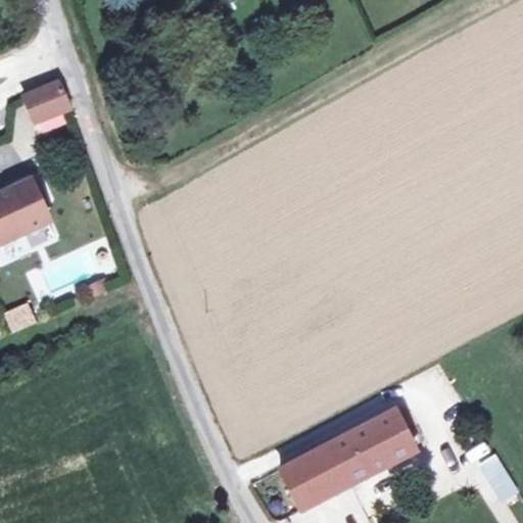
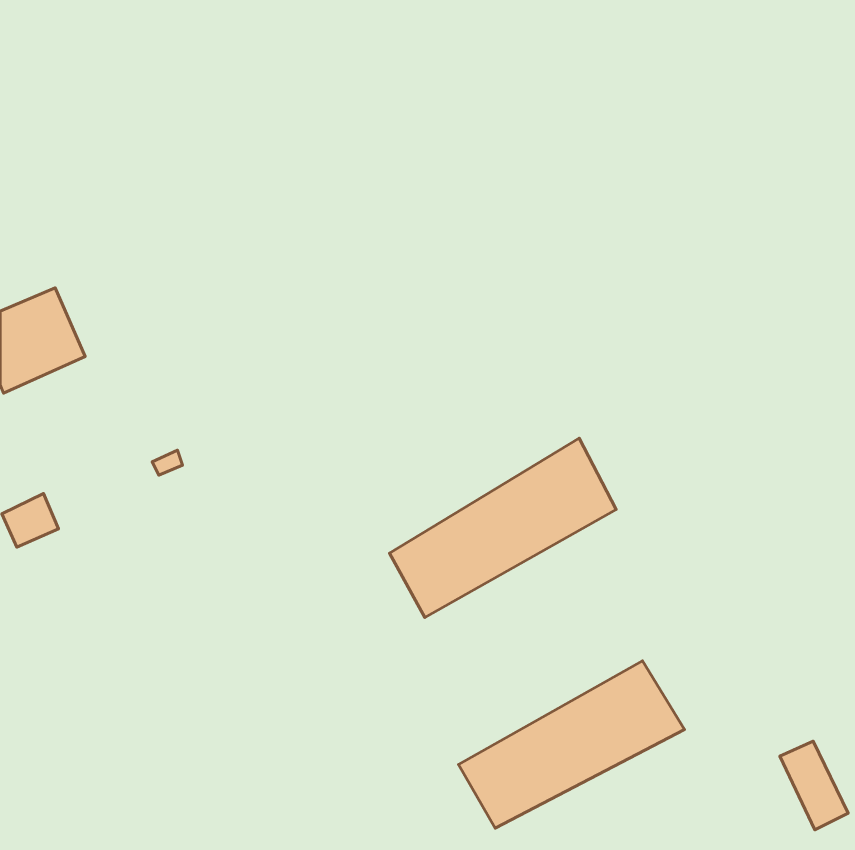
building: [29,82,70,120] -> none
building: none -> [389,438,616,618]

